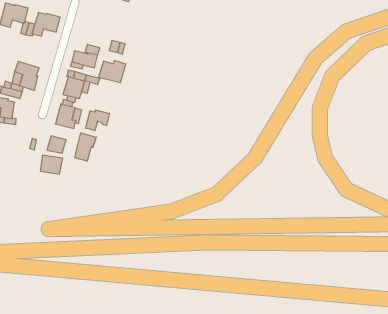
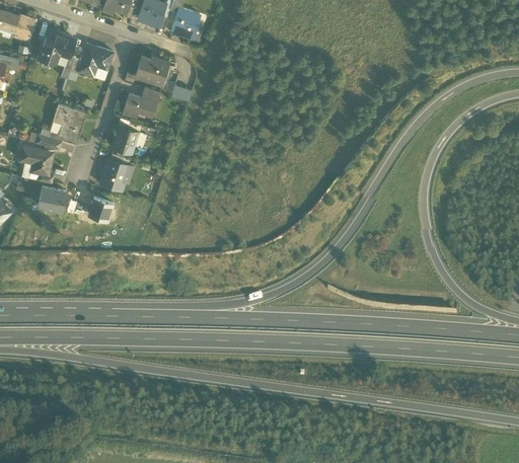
building: [99,61,126,83] -> [135,57,169,84]
building: [85,110,110,131] -> none
building: [75,133,96,161] -> none
building: [40,155,63,174] -> [38,185,66,210]

